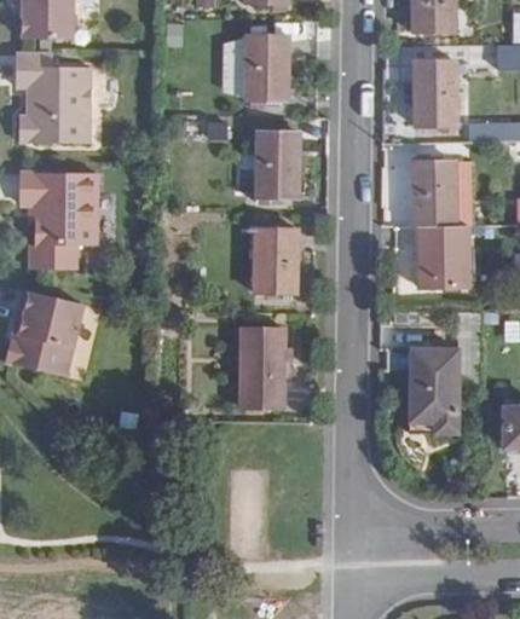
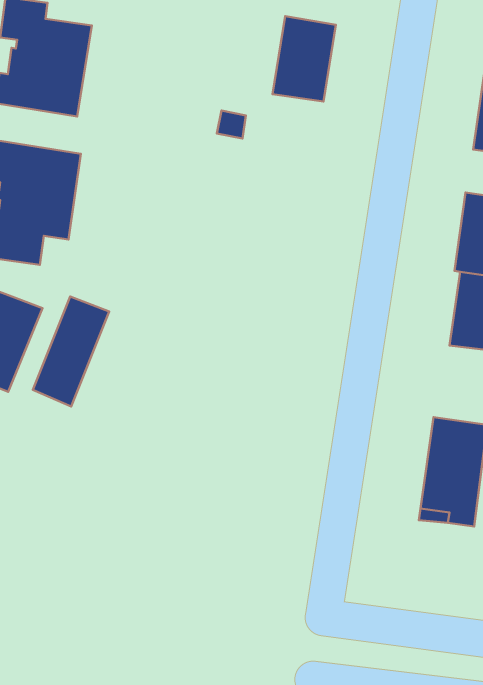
building: [255,132,299,197] -> none
building: [253,230,297,294] -> none
building: none -> [33,297,109,406]
building: [239,330,283,410] -> none

